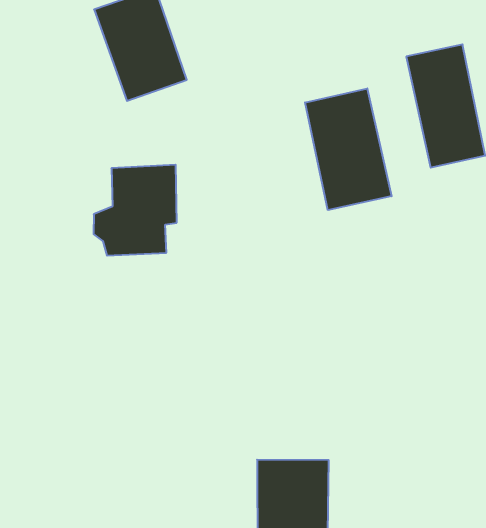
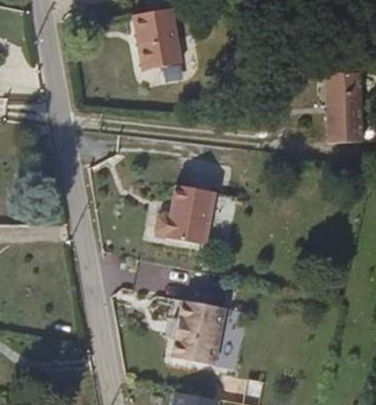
building: [305,88,392,210] -> none
building: [94,165,177,256] -> [156,197,213,254]

